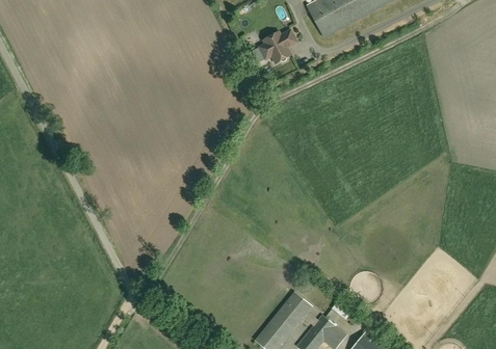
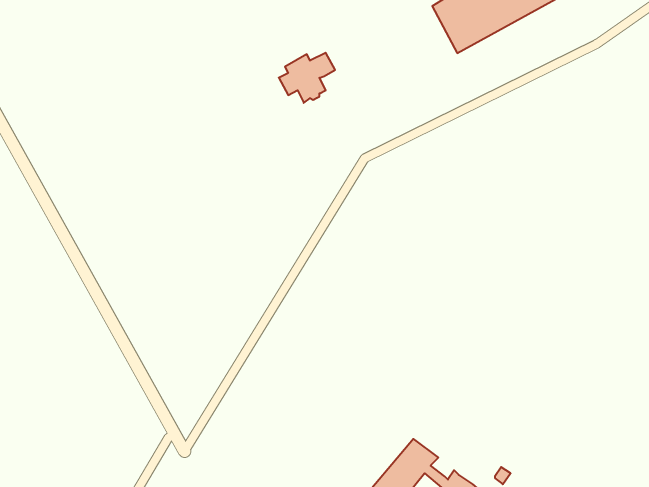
building: [259,30,296,63] -> [279,53,335,103]

